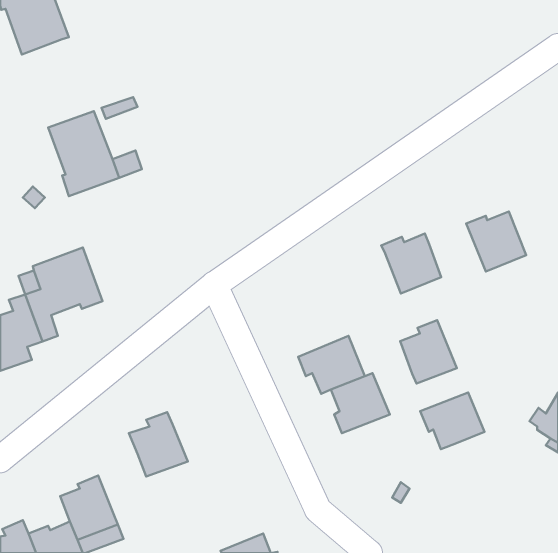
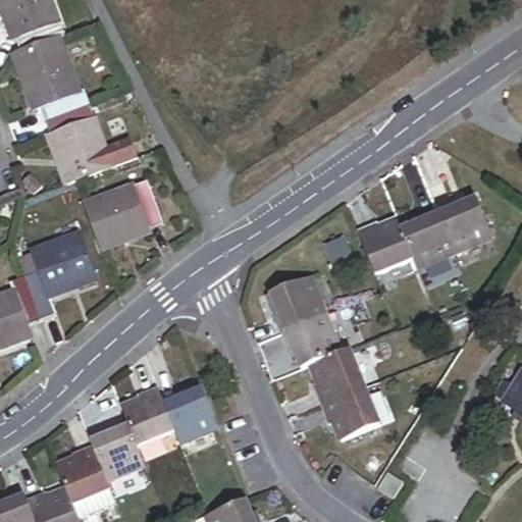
building: none -> [15,37,88,119]
building: none -> [85,179,162,249]
building: none -> [269,276,325,333]
building: [400,320,457,384] -> [401,209,454,268]
building: [420,392,484,449] -> [319,387,379,440]
building: none -> [161,387,218,443]
building: none -> [87,424,145,480]

